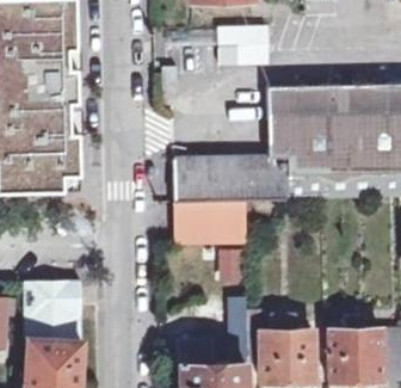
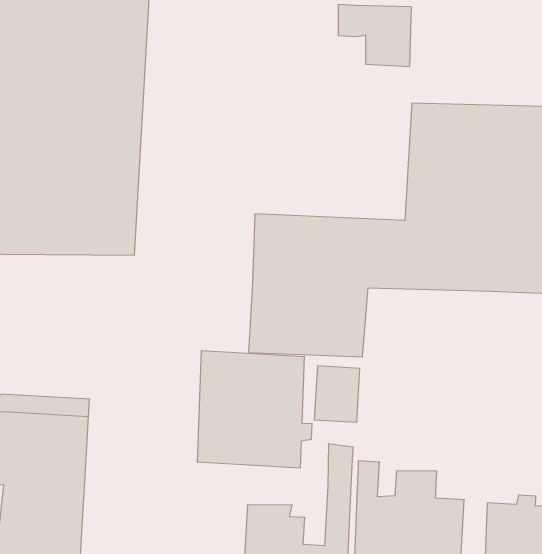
building: none -> [198,350,312,468]

